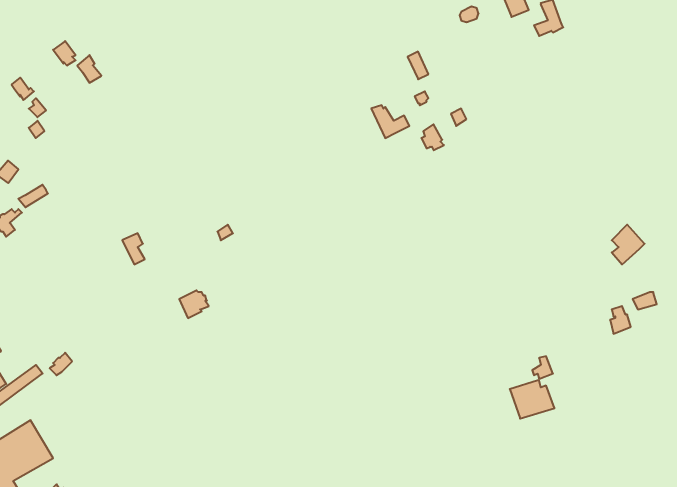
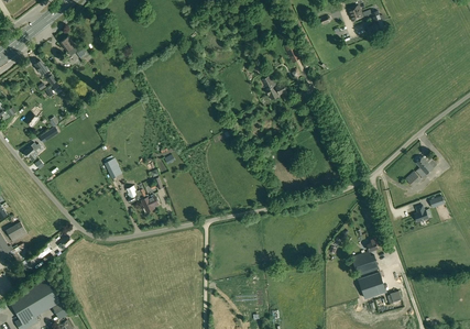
building: none -> [358,272,385,298]

